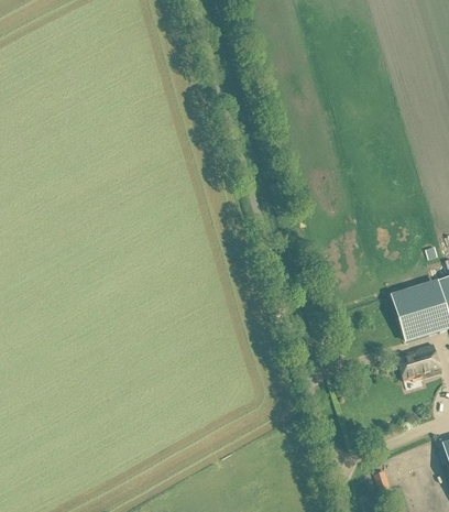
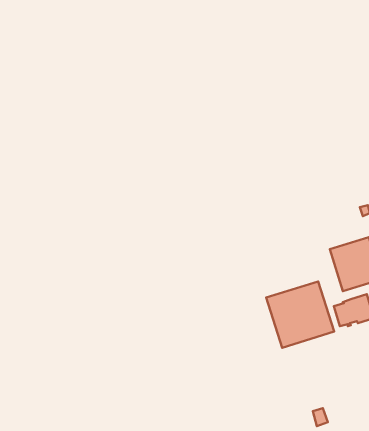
building: none -> [266,281,334,348]

